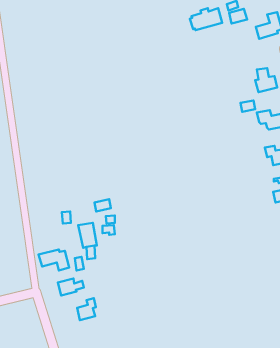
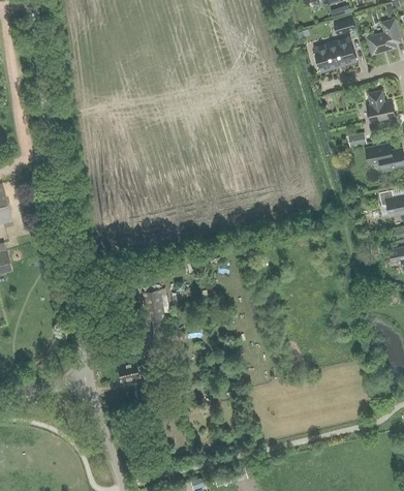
building: [190,8,222,30] -> [314,39,355,67]
building: [39,250,69,271] -> none
building: [77,298,96,320] -> none

